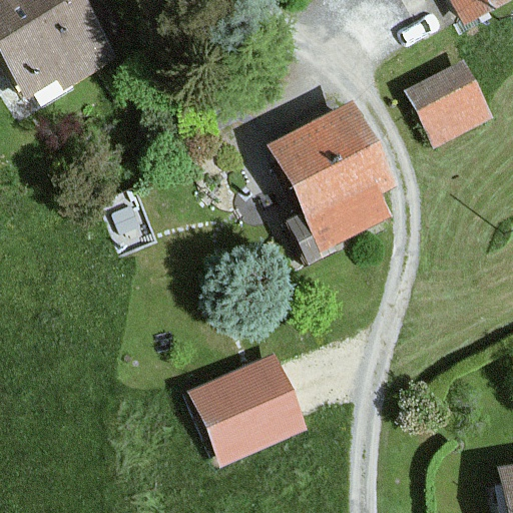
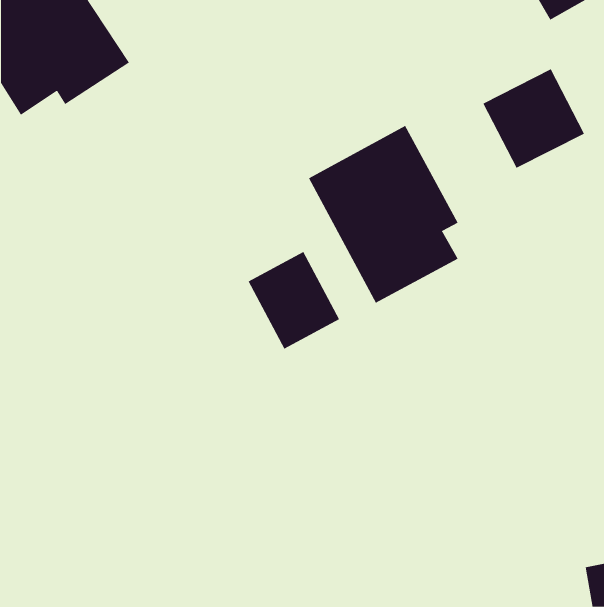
building: none -> [248,251,340,349]
building: [187,354,306,464] -> none

